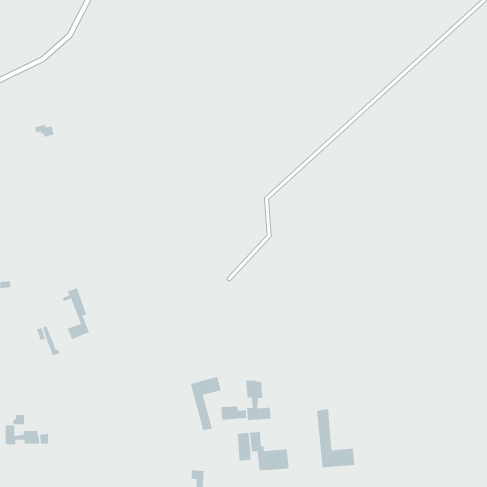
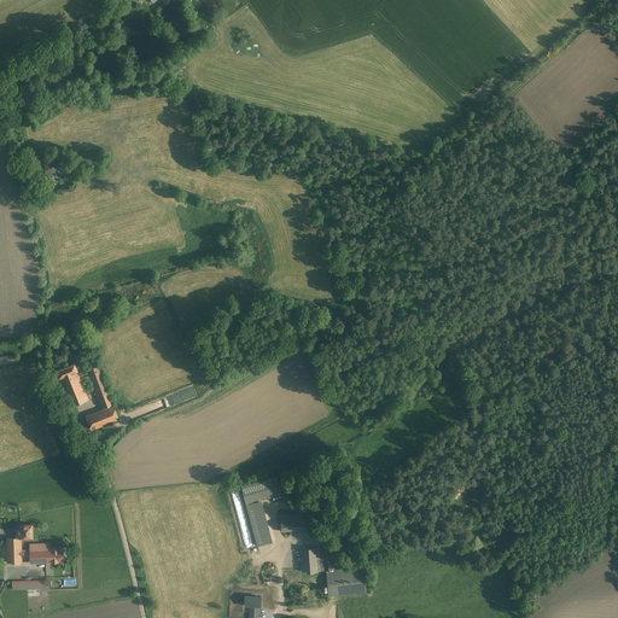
building: none -> [56,365,87,407]
building: [246,380,271,421] -> none
building: [317,408,355,468] -> none

